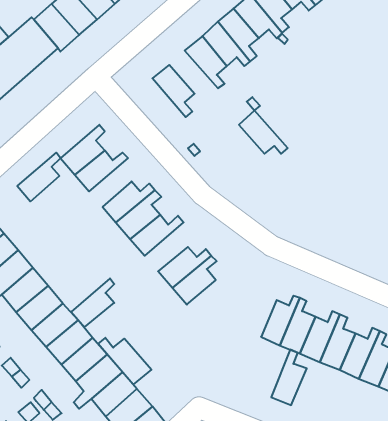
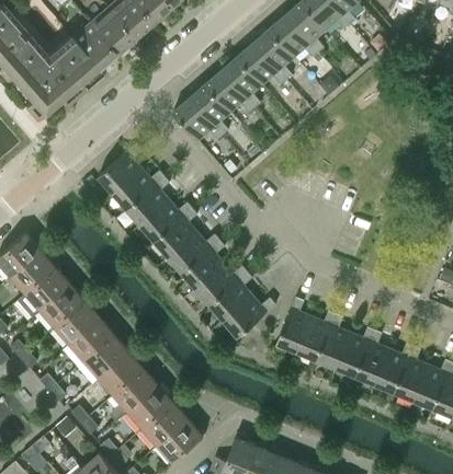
building: none -> [172,96,222,140]
building: [239,110,288,154] -> [205,69,253,112]
building: [17,153,60,201] -> [126,175,169,223]
building: [71,278,114,327] -> [181,239,224,287]
building: none -> [223,296,275,337]
building: [98,338,151,384] -> none
building: [271,350,307,405] -> [276,297,312,351]

